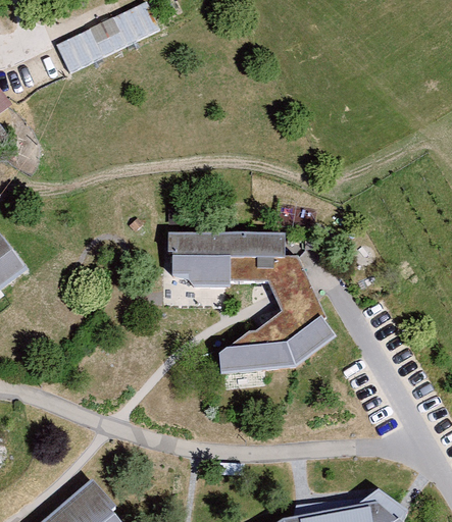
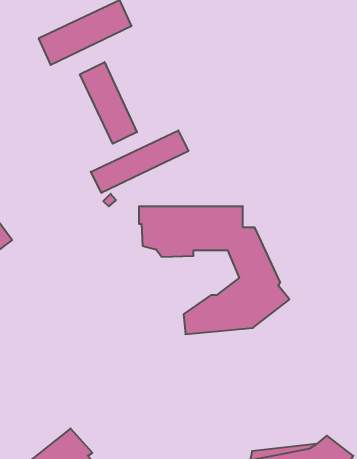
building: none -> [80,62,137,144]
building: none -> [91,130,188,193]

